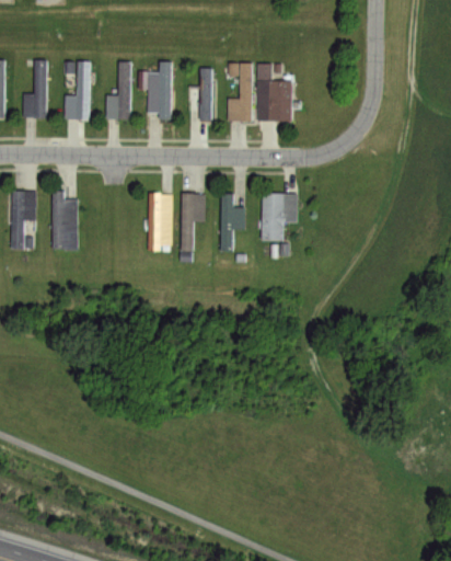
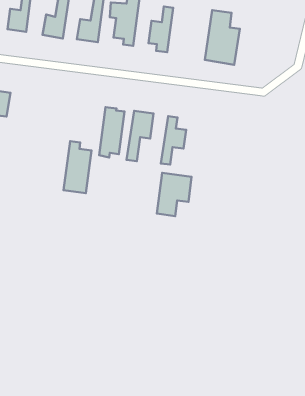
building: [229,64,253,122] -> none
building: [53,193,79,251] -> [64,141,91,193]
building: [263,194,298,242] -> [157,173,192,216]

